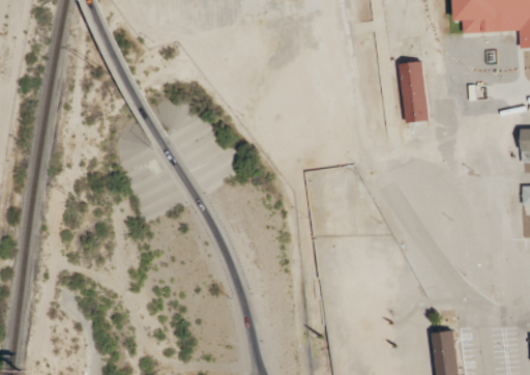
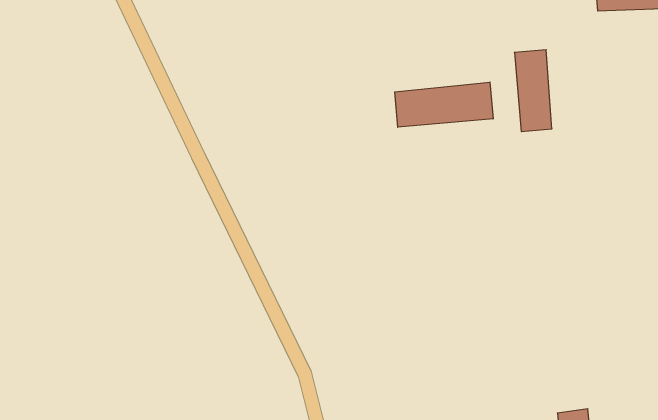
building: none -> [395,82,493,127]

